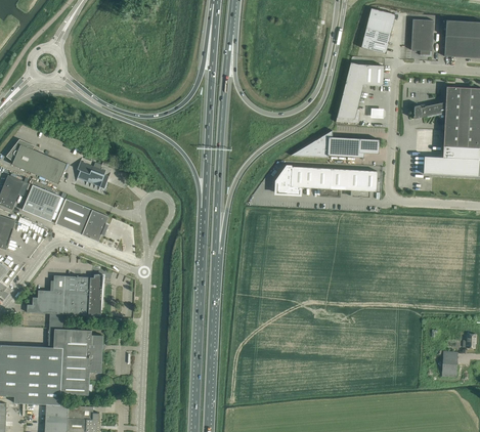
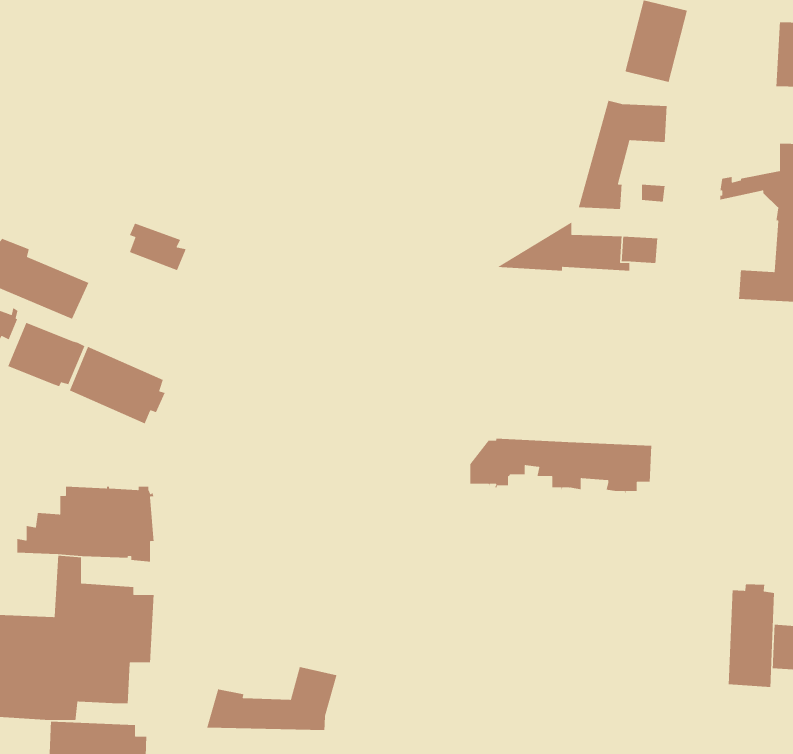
building: [410,18,433,54] -> none
building: [77,161,108,187] -> [129,223,187,271]
building: [276,166,377,197] -> [470,438,652,494]
building: none -> [728,584,775,688]
building: none -> [206,666,338,731]

